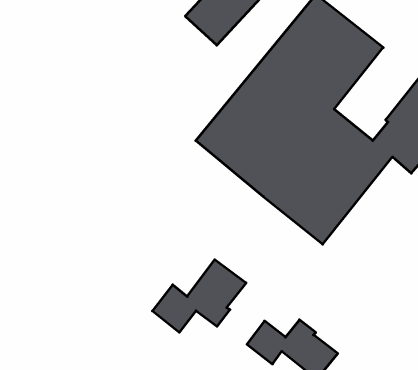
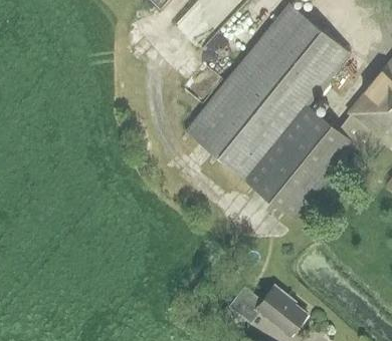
building: [152,260,246,332] -> none

